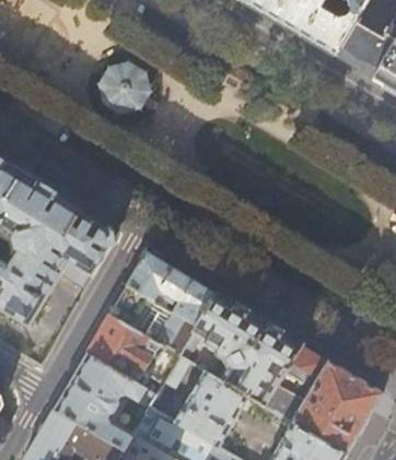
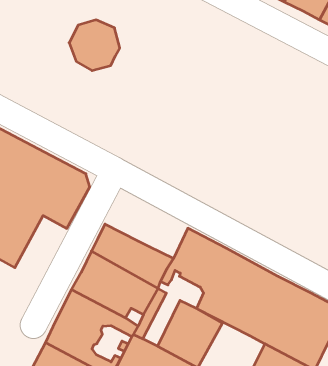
building: [127,252,217,326] -> none

